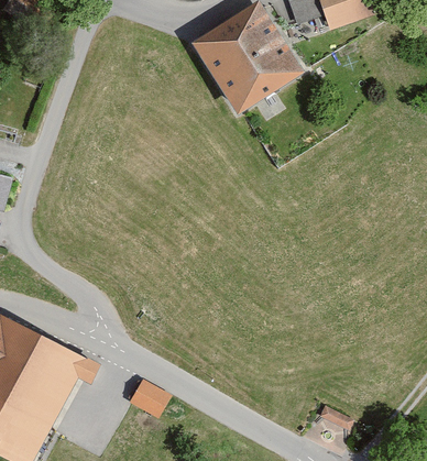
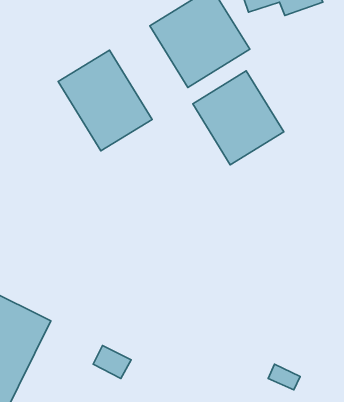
building: none -> [58,50,152,151]
building: none -> [193,71,284,165]

